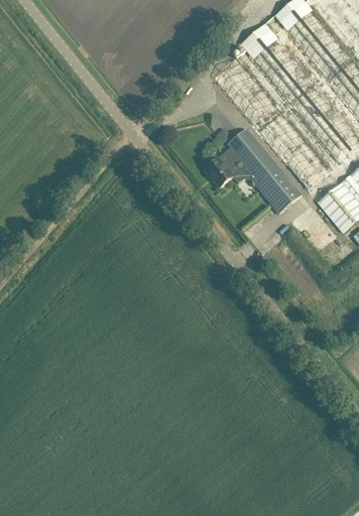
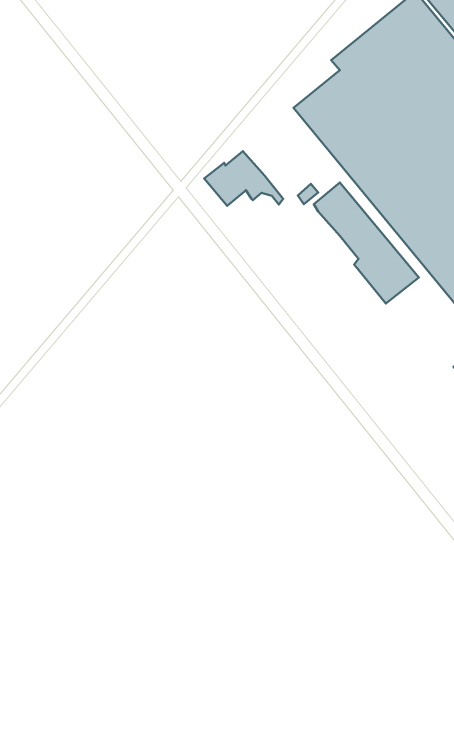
building: [204,148,259,186] -> [204,151,283,206]

